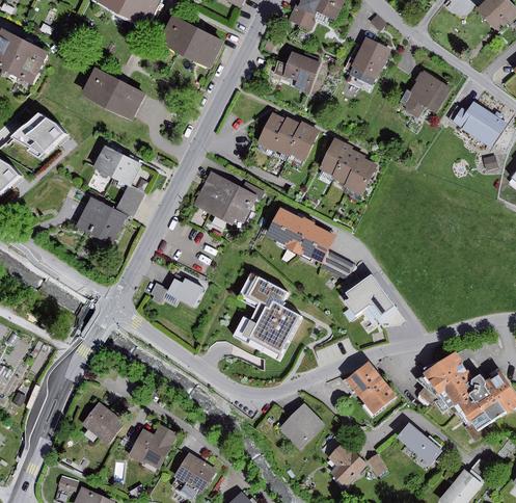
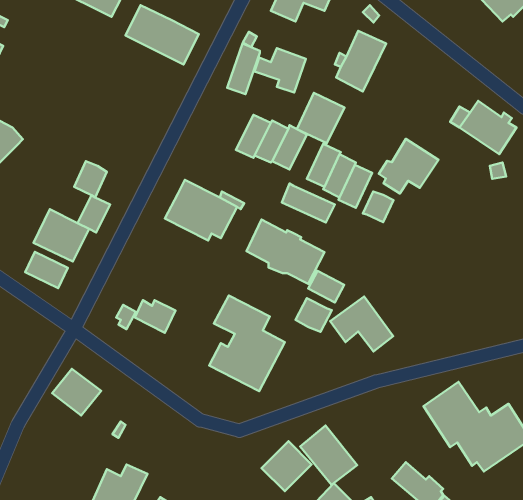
building: none -> [227,44,260,94]
building: [80,67,144,120] -> none
building: [399,70,452,118] -> [379,139,438,194]
building: none -> [297,93,345,143]
building: [92,144,123,177] -> none
building: none -> [282,183,335,223]
building: none -> [363,192,393,222]
building: none -> [25,252,68,288]
building: none -> [296,298,332,332]
building: [345,361,396,414] -> [300,425,357,485]
building: [81,402,125,444] -> [52,369,101,415]

